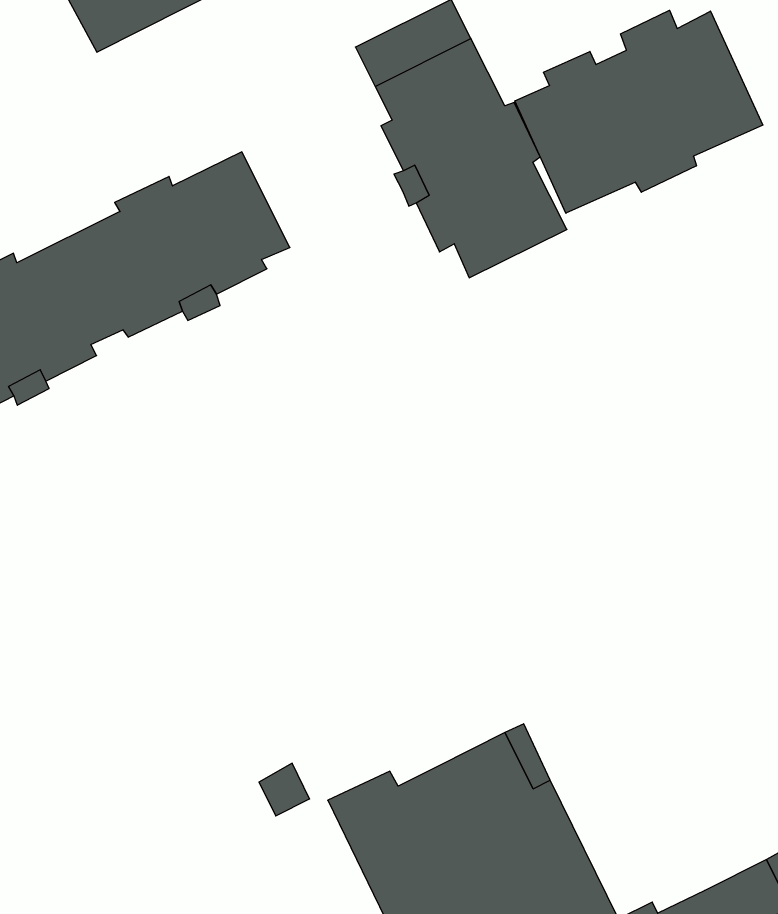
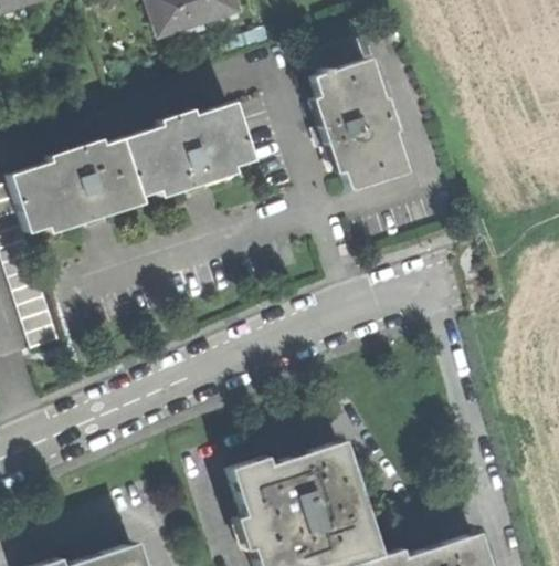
building: [515,10,763,213] -> none

